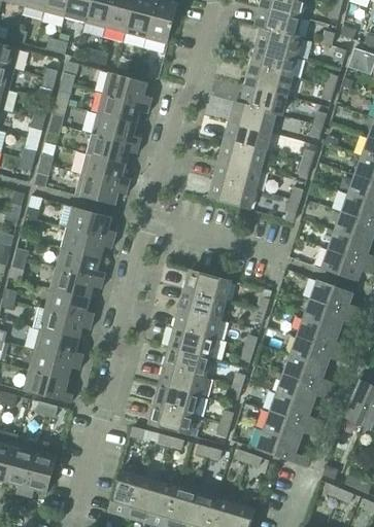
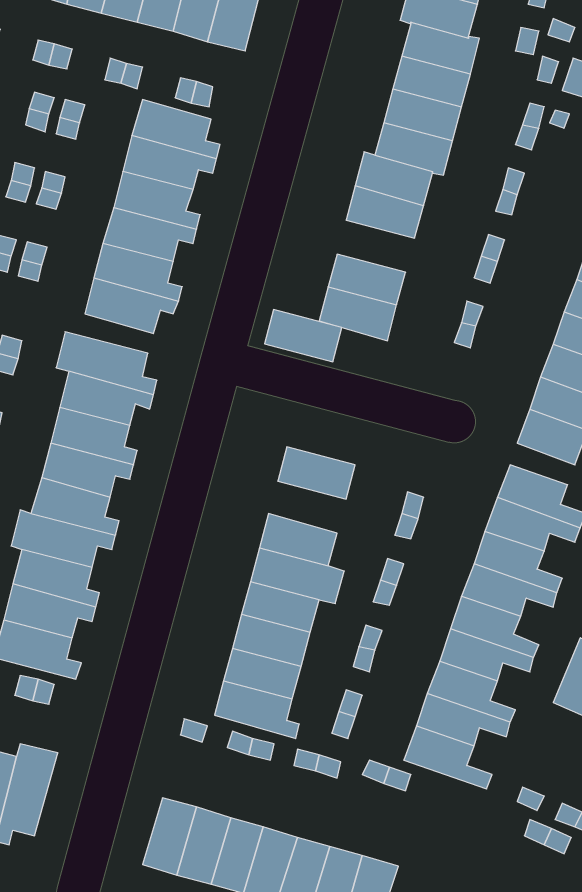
building: [219,141,264,171] -> [265,310,342,362]
building: [180,290,225,320] -> none

